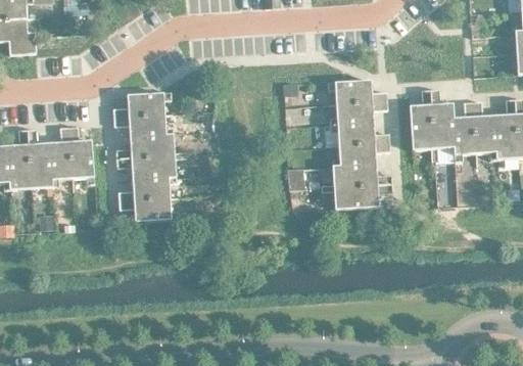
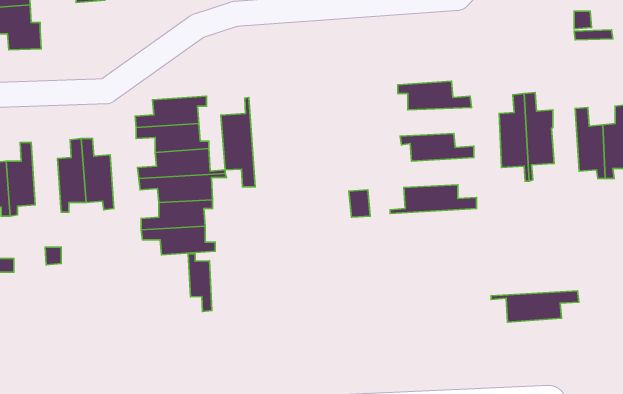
building: none -> [221,98,255,187]
building: [329,101,387,125] -> none
building: [453,102,475,163] -> none
building: [28,129,52,187] -> none
building: [331,142,390,167] -> none
building: [321,184,392,210] -> [491,291,579,322]
building: none -> [188,254,212,312]

